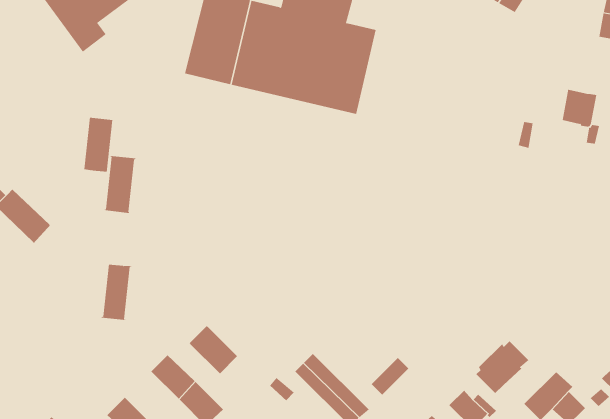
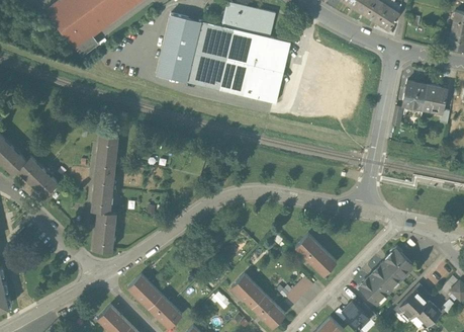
building: none -> [402,80,427,108]
building: [82,117,113,172] -> [91,171,113,211]
building: none -> [295,234,336,274]
building: none -> [384,250,412,279]
building: [188,324,239,375] -> none

